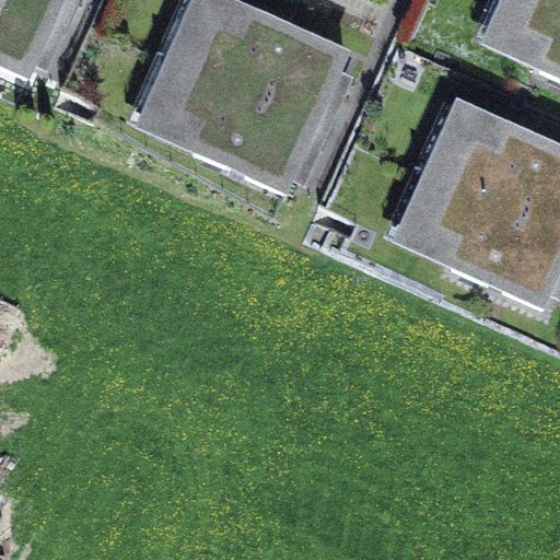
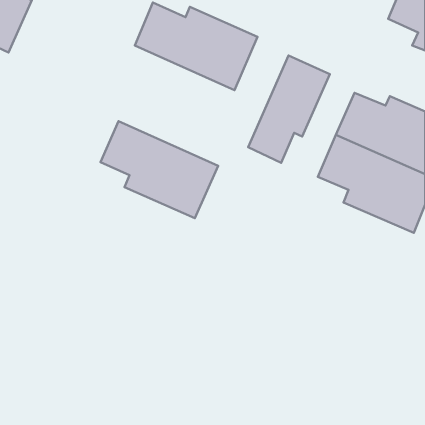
building: [149,58,299,182] -> [100,121,218,218]
building: none -> [248,55,330,163]

